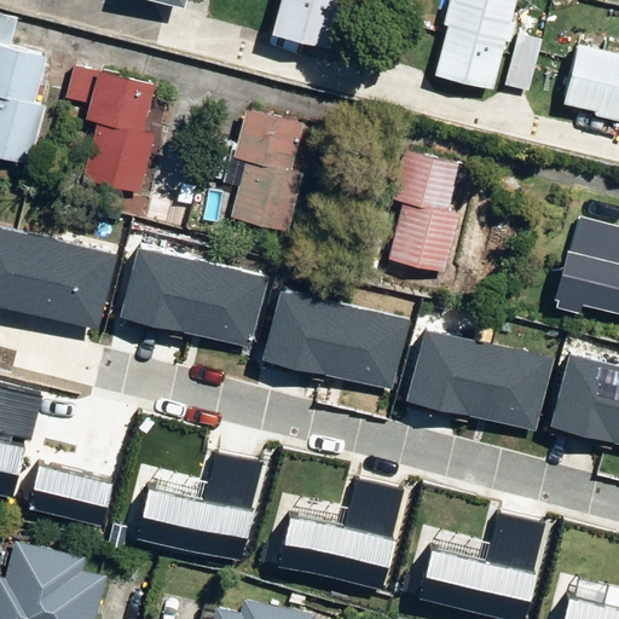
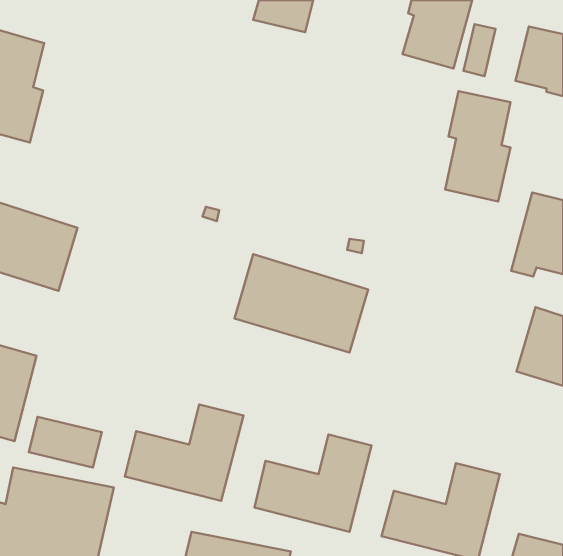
building: [66,64,156,195] -> none
building: [207,112,305,233] -> none
building: [392,155,463,276] -> [445,91,510,202]
building: [96,243,242,351] -> none
building: [426,328,573,435] -> none

